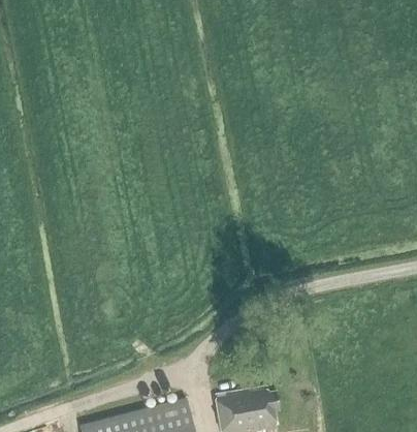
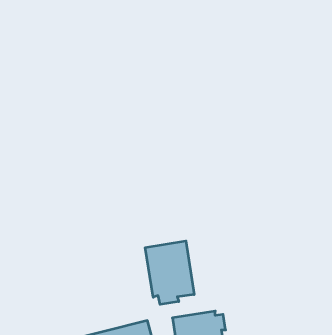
building: none -> [145,241,194,304]

